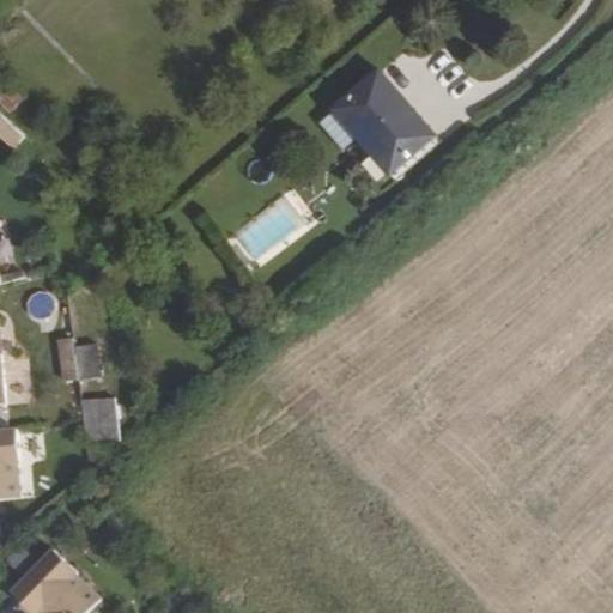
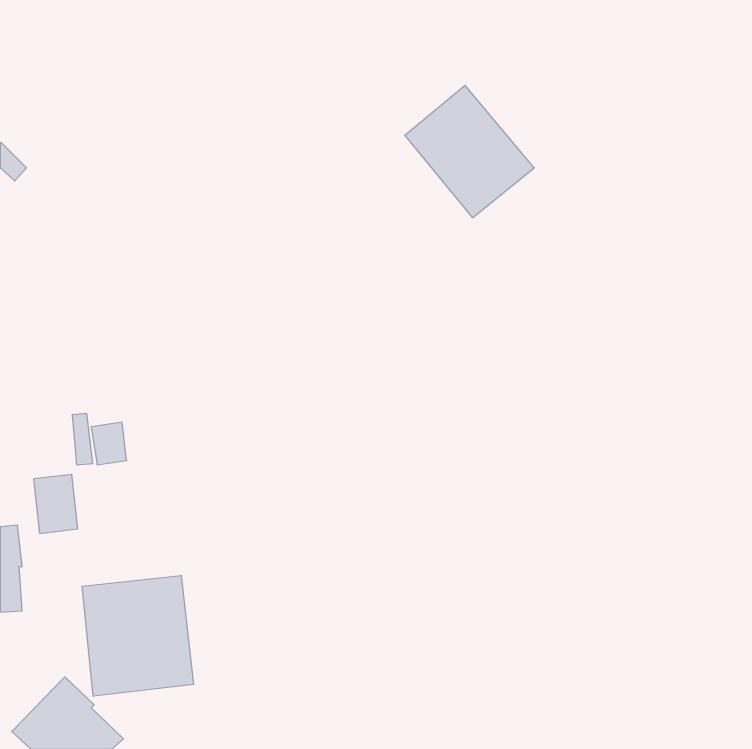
building: [81,396,117,444] -> [34,475,78,533]
building: none -> [82,575,194,696]

